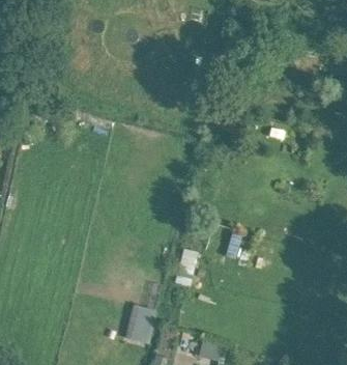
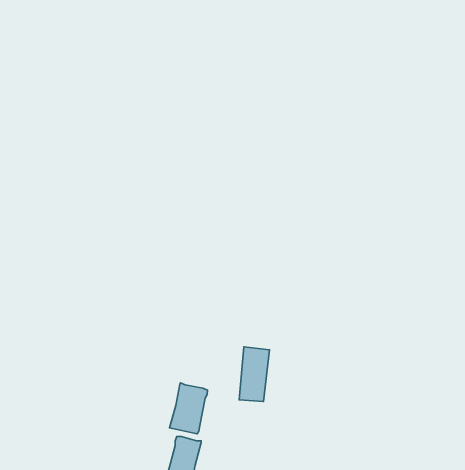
building: none -> [169,383,208,434]

